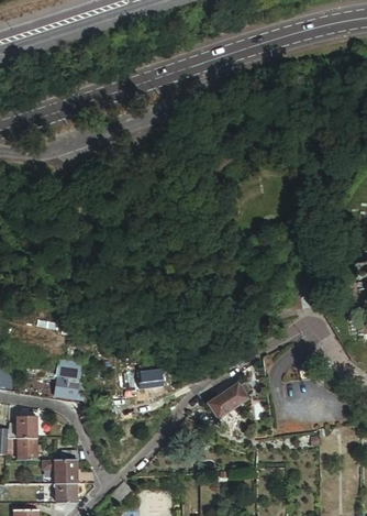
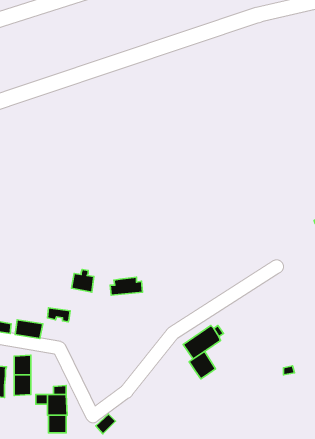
building: [132,367,168,387] -> [110,277,143,295]
building: [53,372,78,397] -> [71,270,94,292]
building: none -> [189,351,215,379]

